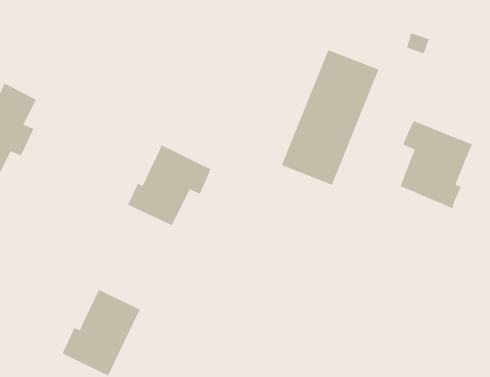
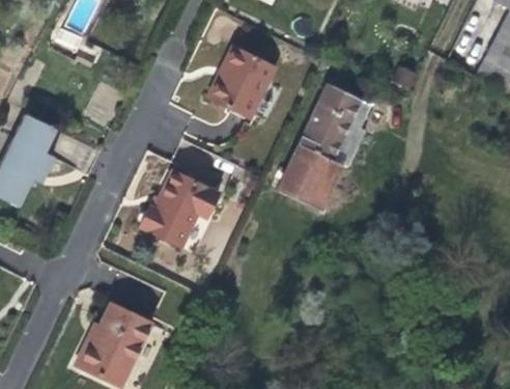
building: none -> [206,44,279,119]
building: [399,120,473,209] -> none

